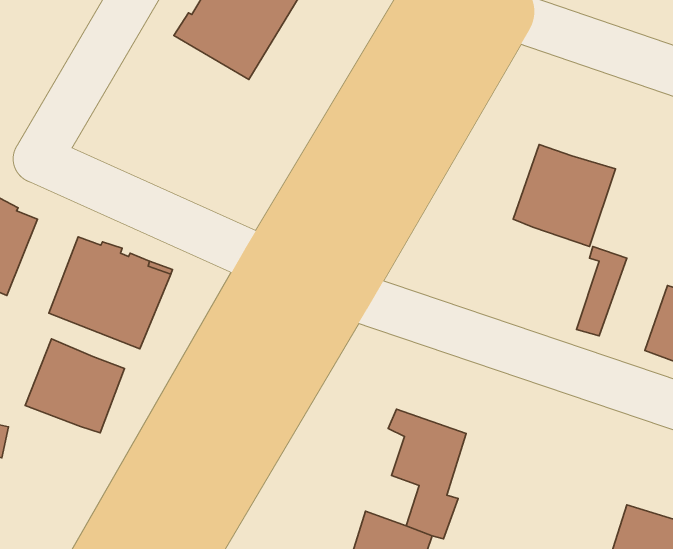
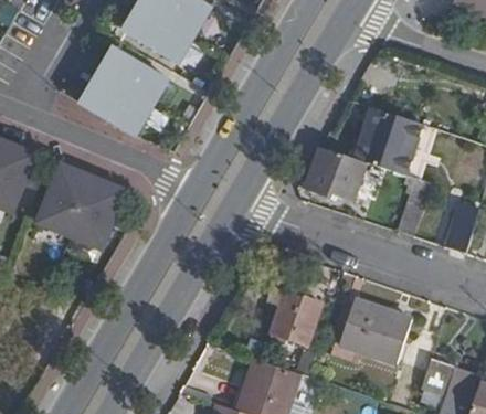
building: none -> [82,47,166,135]
building: none -> [306,146,368,200]
building: [25,339,124,433] -> none
building: none -> [339,301,411,363]

